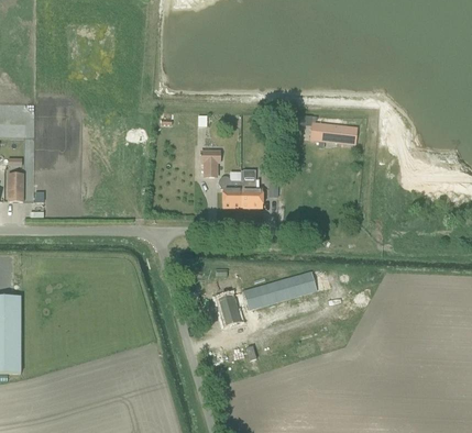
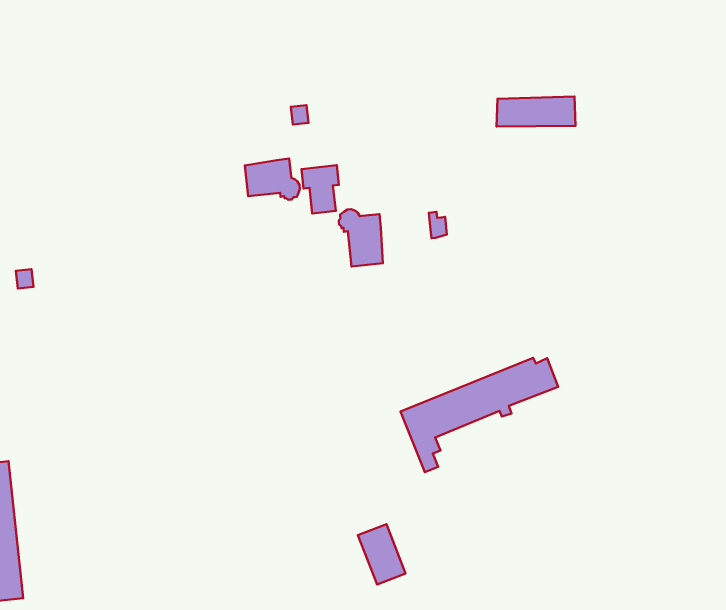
building: none -> [245,159,300,200]
building: [240,180,262,208] -> none
building: [216,293,240,326] -> [358,524,406,584]

